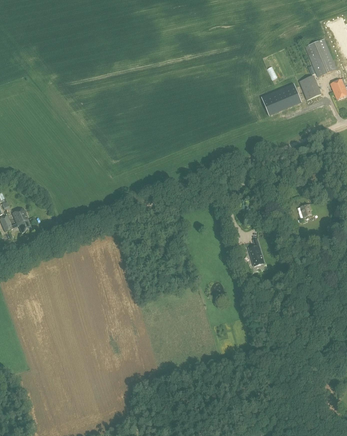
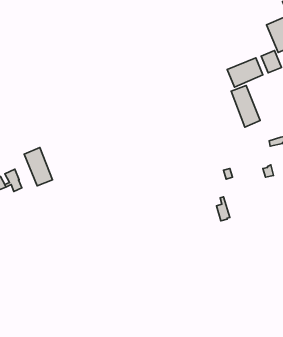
building: none -> [231,85,260,127]
building: none -> [24,148,53,186]

